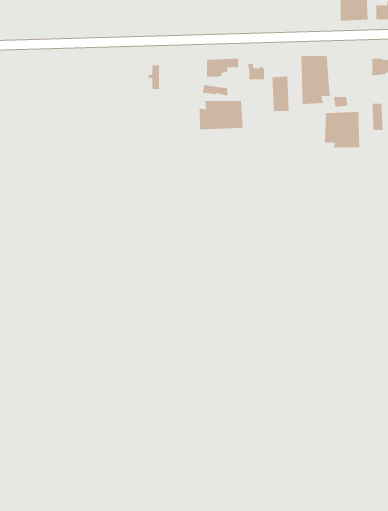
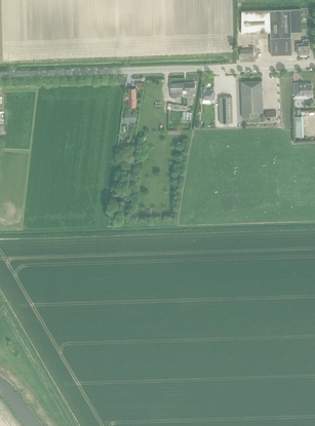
building: [199,100,243,130] -> none
building: [324,111,360,148] -> none

